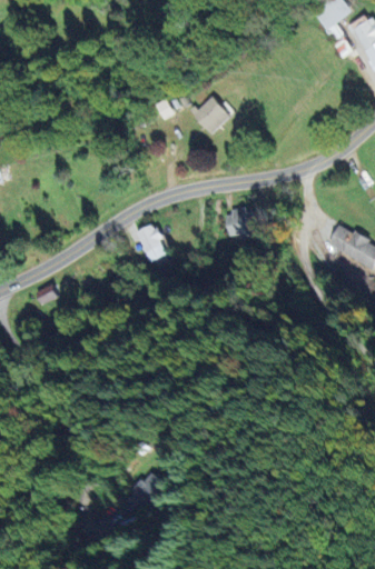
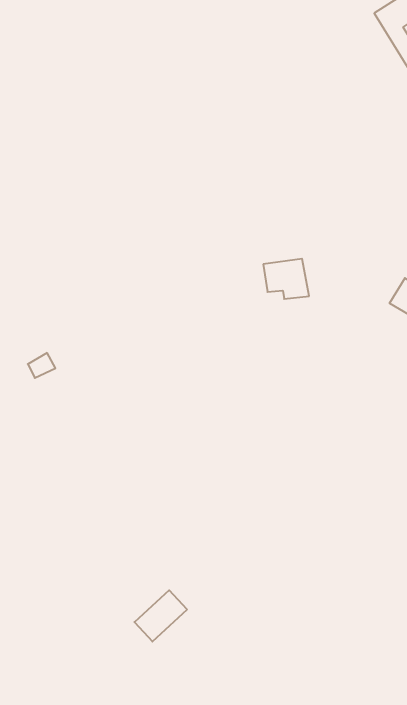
building: [195,96,231,133] -> none
building: [136,222,169,262] -> none

